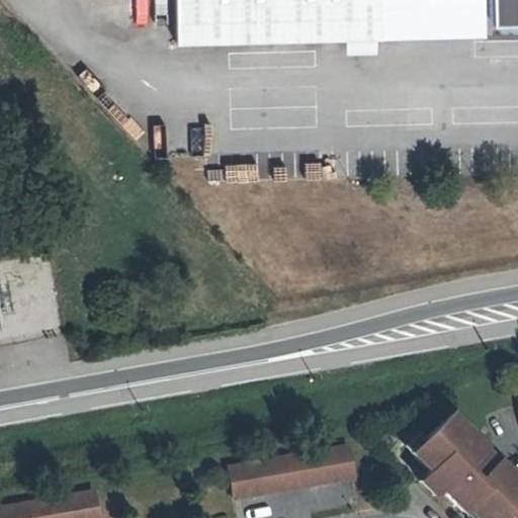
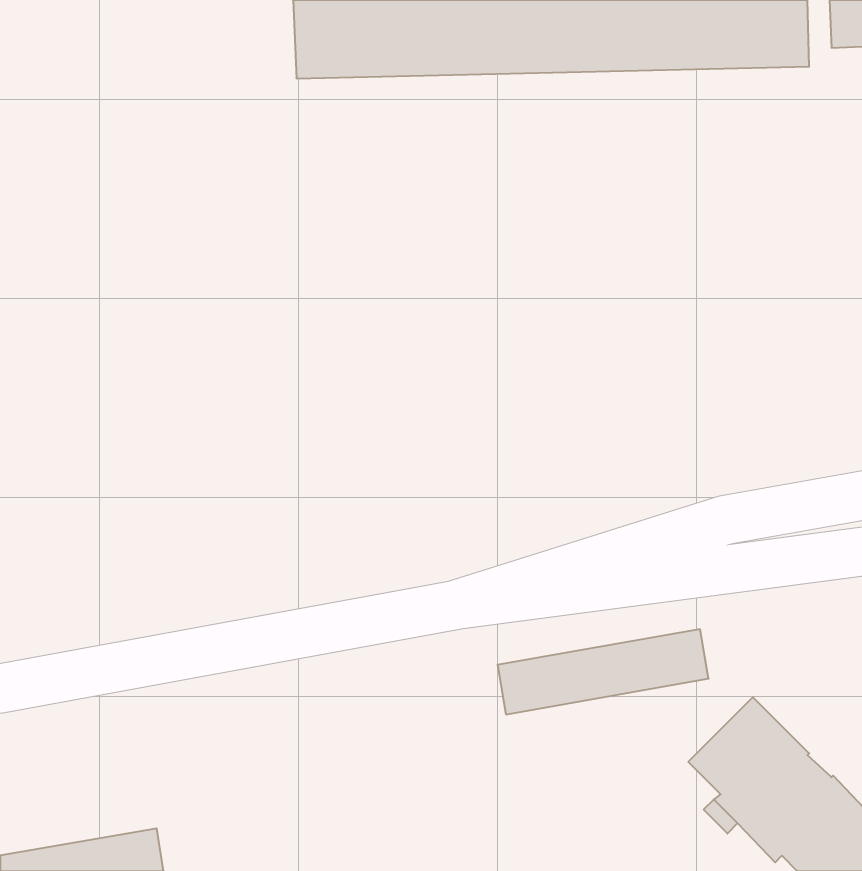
building: [232,447,357,498] -> [497,629,709,714]

